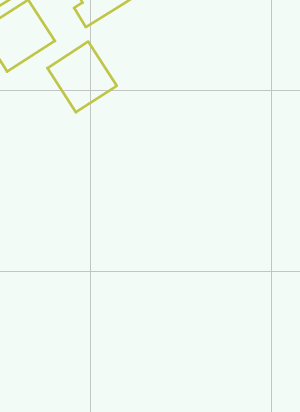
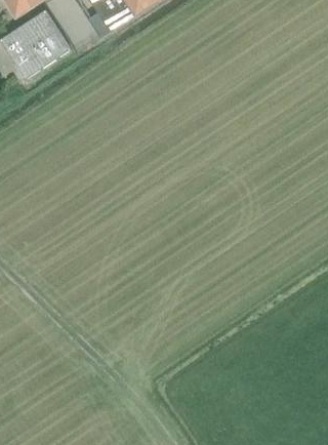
building: [47,42,117,112] -> none

